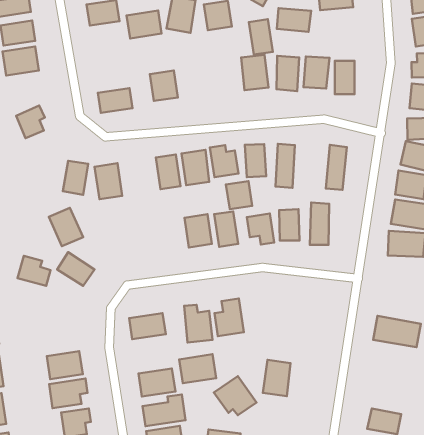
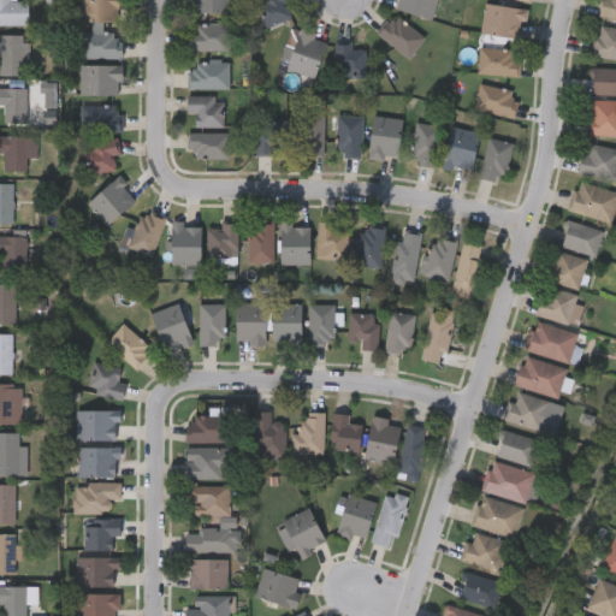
building: [277,8,311,32] -> [475,83,521,118]
building: [127,11,162,38] -> [190,60,230,89]
building: [249,19,273,55] -> [338,116,362,156]
building: none -> [188,95,224,128]
building: none -> [301,116,325,155]
building: none -> [81,105,120,132]
building: none -> [88,177,136,226]
building: none -> [422,236,458,282]
building: none -> [208,224,238,259]
building: [226,181,252,209] -> none
building: [49,208,83,246] -> [153,304,191,350]
building: none -> [237,303,266,344]
building: none -> [201,304,226,344]
building: [17,256,51,286] -> [87,362,129,403]
building: none -> [503,392,550,433]
building: none -> [497,431,540,467]
building: none -> [367,416,401,463]
building: none -> [331,414,363,452]
building: none -> [399,425,428,481]
building: none -> [77,410,119,440]
building: none -> [472,496,523,537]
building: [179,354,216,383] -> [186,449,229,479]
building: none -> [372,492,409,549]
building: none -> [463,532,508,571]

